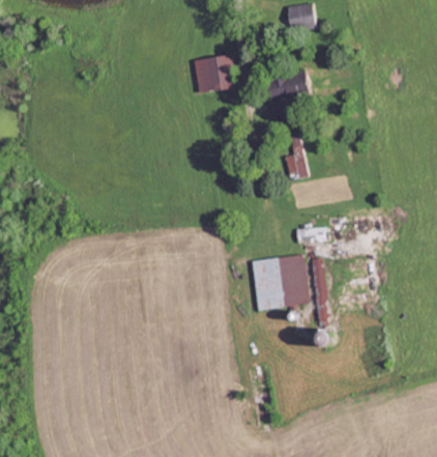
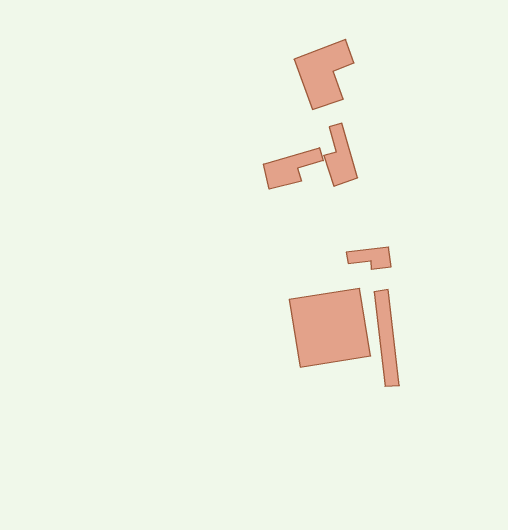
building: [195,56,235,91] -> none
building: none -> [264,148,323,189]

